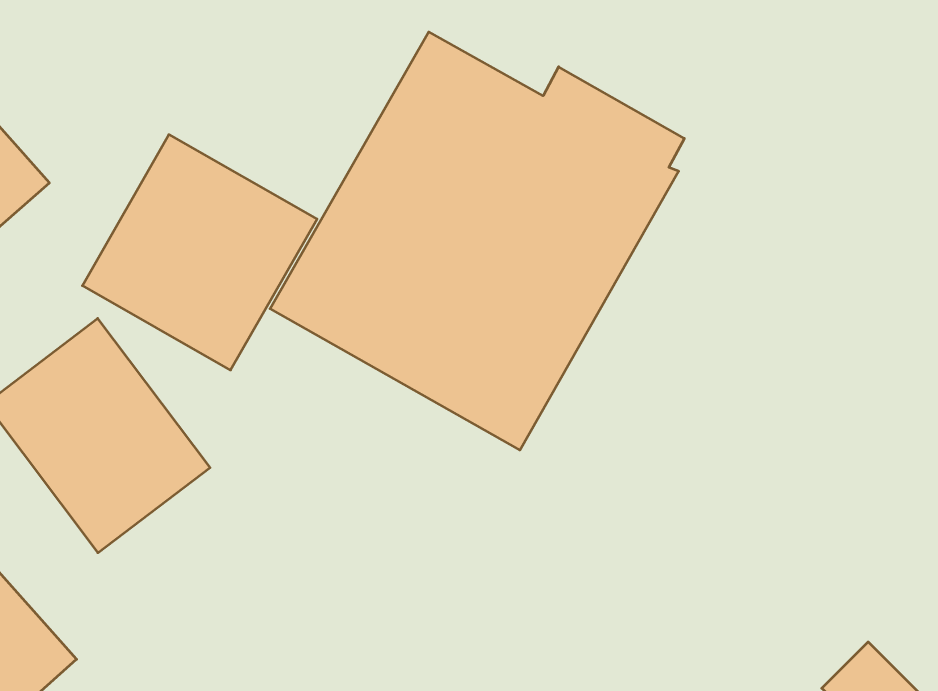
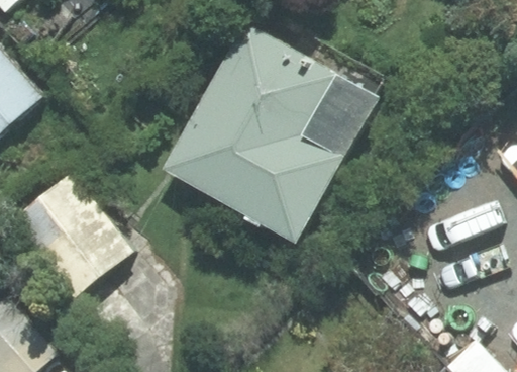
building: [82,135,317,370] -> none

